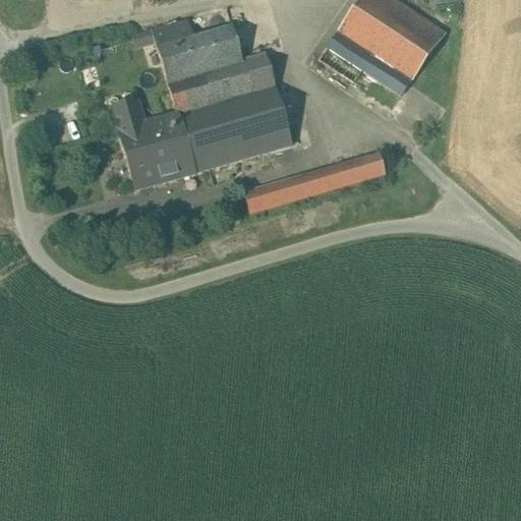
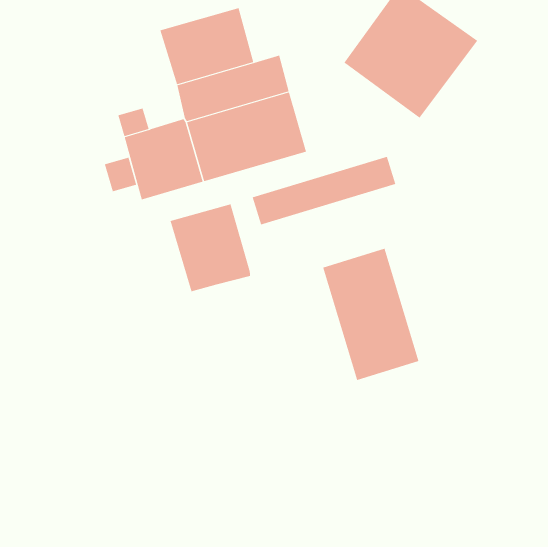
building: none -> [104,157,137,192]
building: none -> [170,204,250,292]
building: none -> [322,248,419,381]

